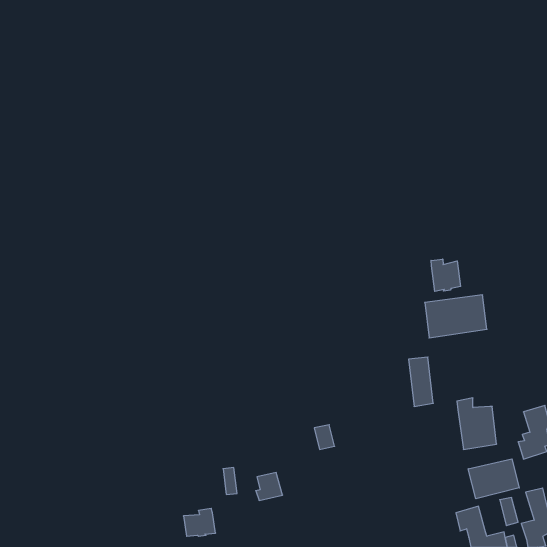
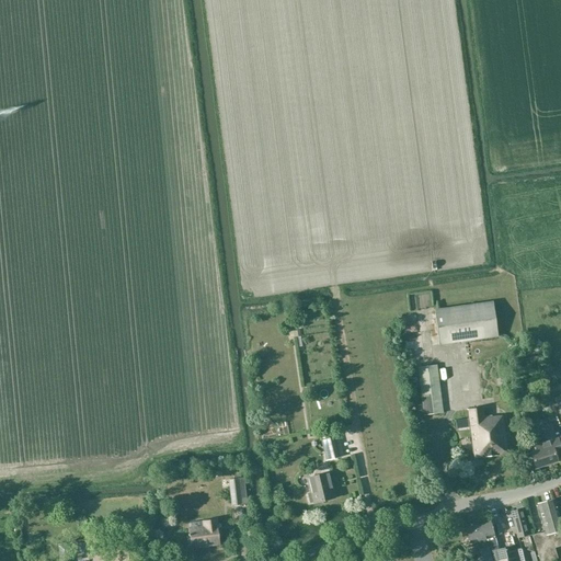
building: [431,259,461,291] -> none
building: [468,459,519,499] -> none
building: [256,473,283,500] -> [308,473,335,502]

